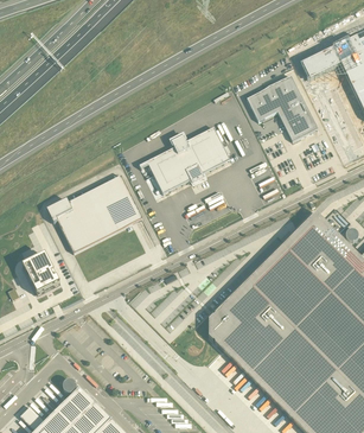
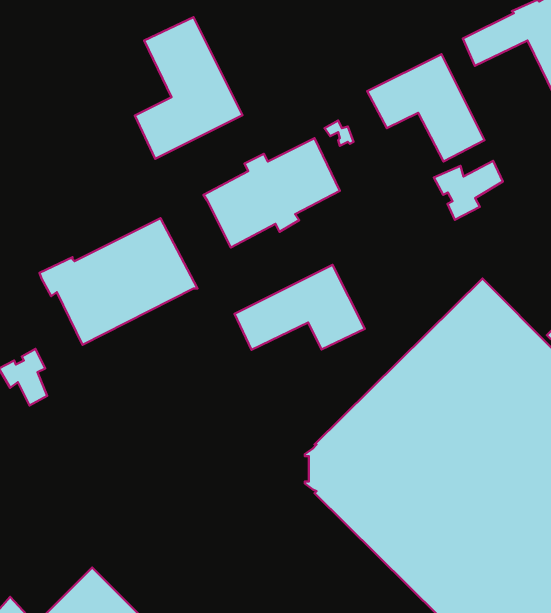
building: none -> [135,17,243,159]
building: none -> [434,161,503,220]
building: none -> [235,265,365,350]

